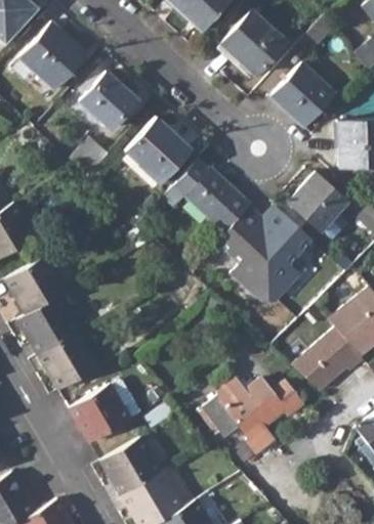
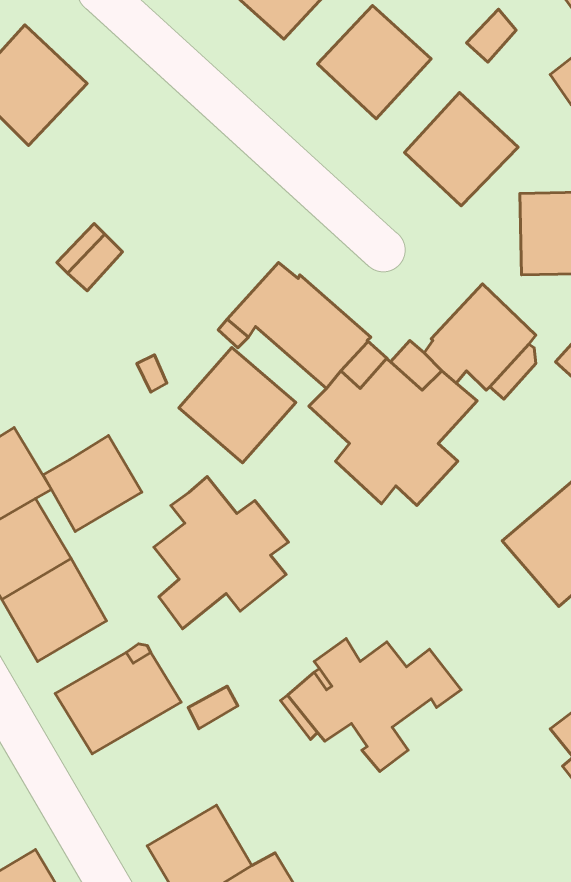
building: [79,72,136,129] -> none
building: [124,118,192,184] -> [179,348,296,463]
building: none -> [43,435,142,531]
building: none -> [154,477,289,629]
building: [290,328,362,392] -> none
building: [101,437,162,495] -> none

